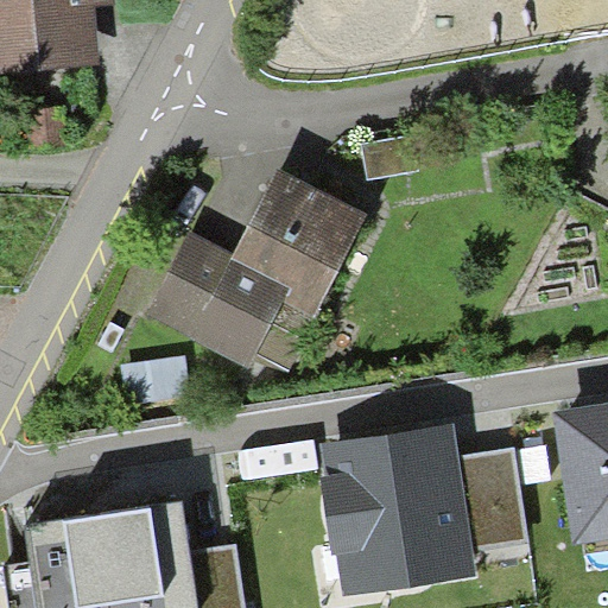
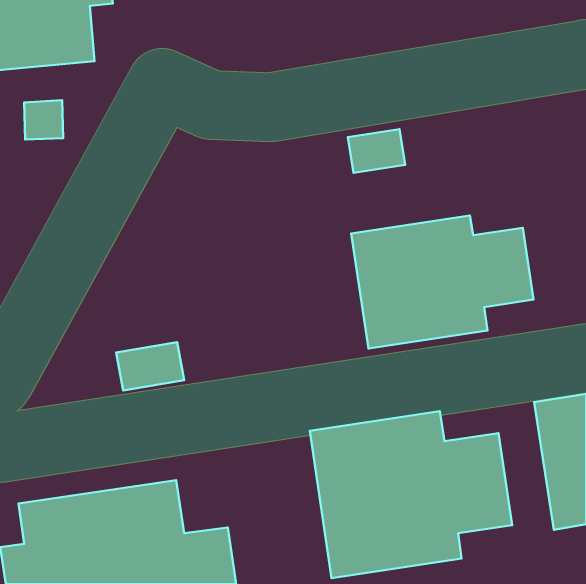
building: [146,170,369,373] -> none
building: none -> [351,216,534,348]

